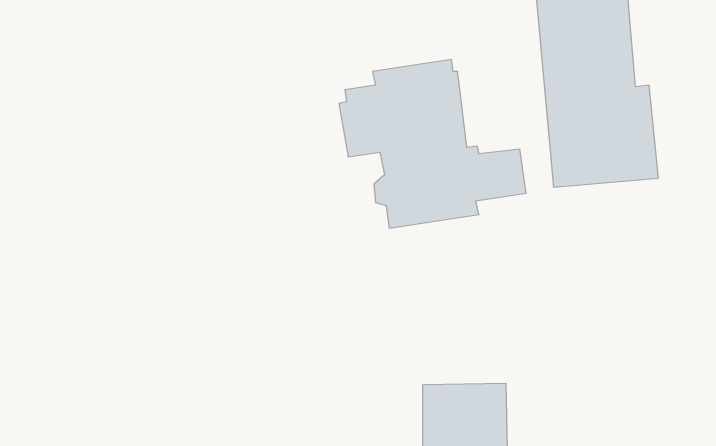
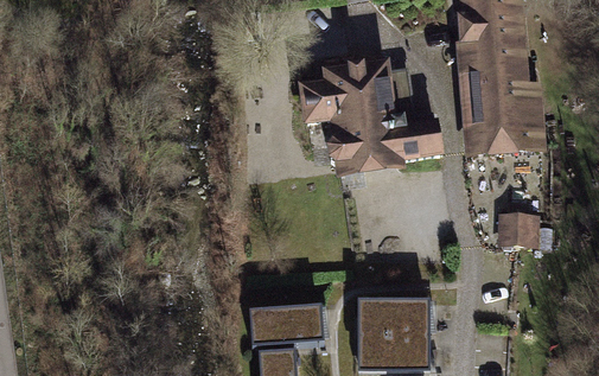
building: none -> [498,215,539,249]
building: none -> [253,312,323,349]

